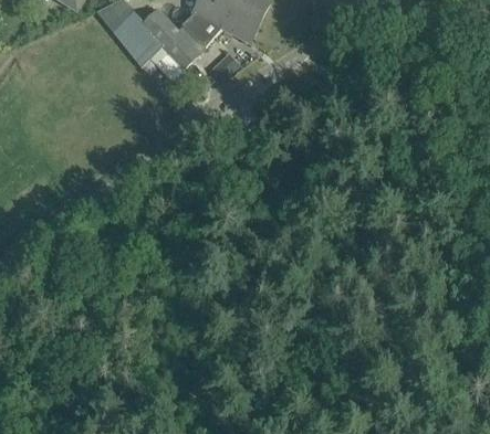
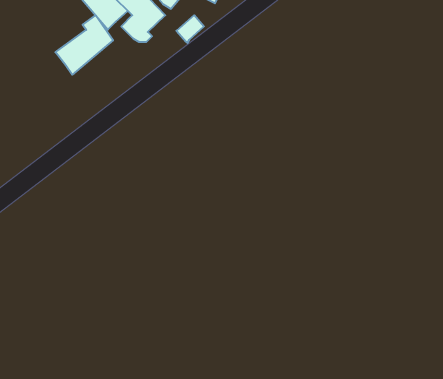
building: none -> [55,15,113,75]

